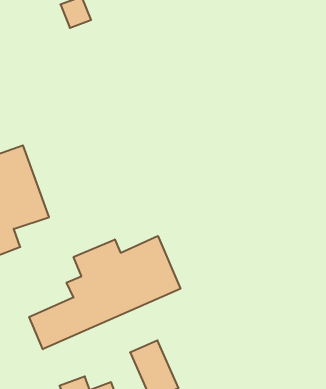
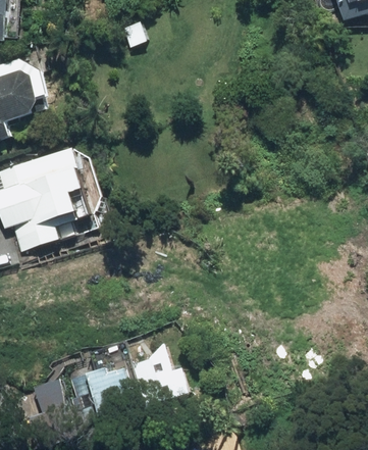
building: [29,236,180,349] -> none

